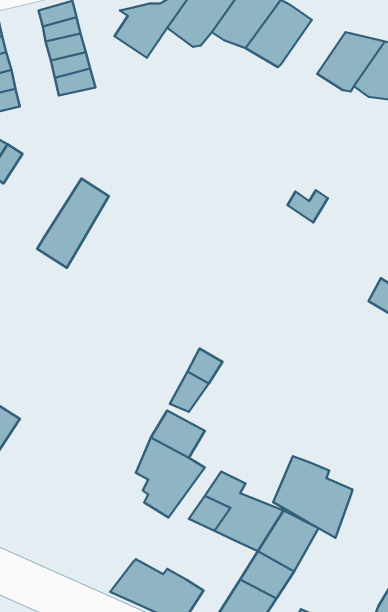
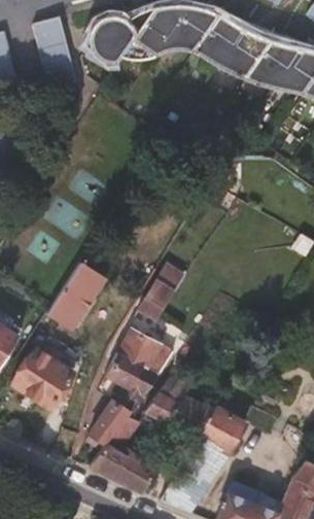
building: none -> [217,31,267,77]
building: [37,178,109,268] -> [50,258,105,326]
building: none -> [13,349,77,407]
building: [273,456,352,538] -> none
building: none -> [90,399,132,444]

